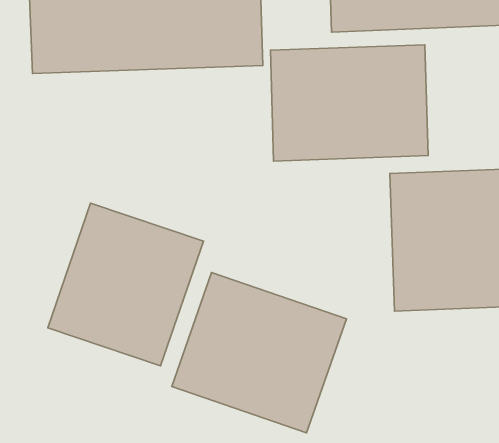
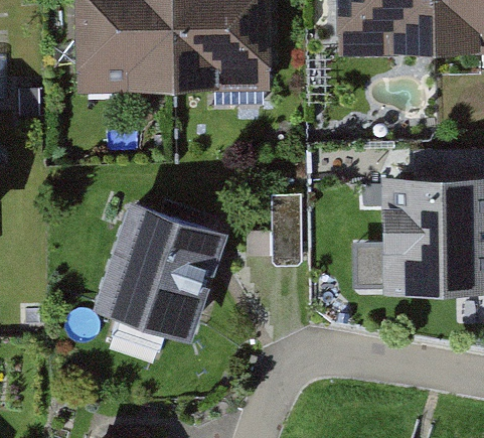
building: [270,45,428,161] -> none
building: [172,273,346,433] -> none

